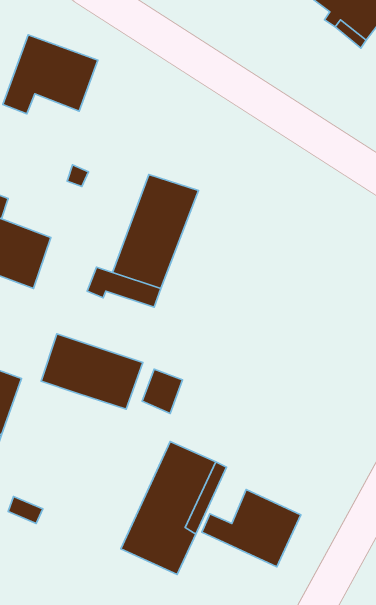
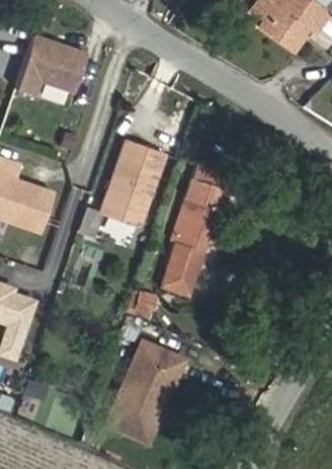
building: none -> [162,148,238,280]
building: [41,334,143,409] -> none
building: [202,490,301,567] -> none

